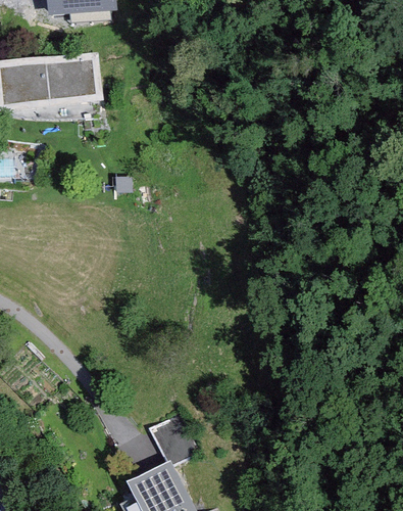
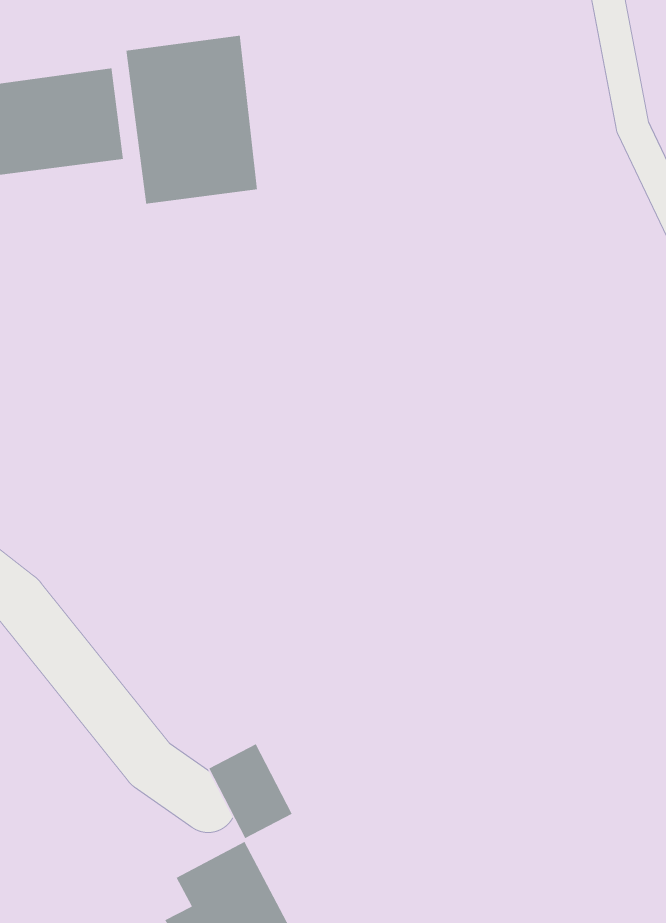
building: none -> [126,35,258,204]

